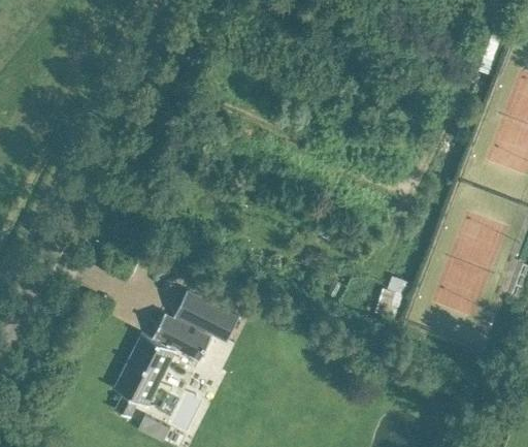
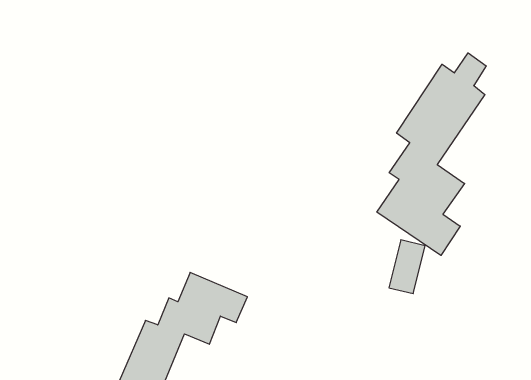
building: none -> [377,53,486,255]

